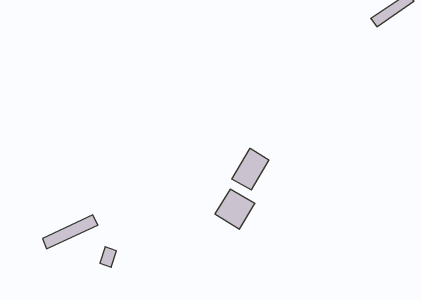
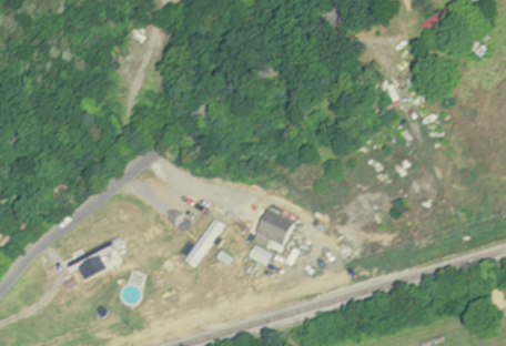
building: [232,148,269,190] -> none
building: none -> [178,220,224,268]

